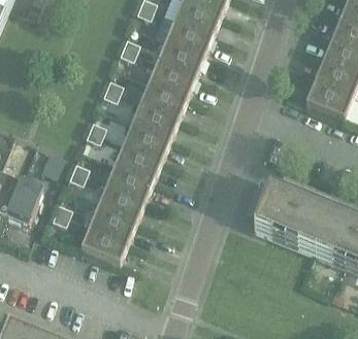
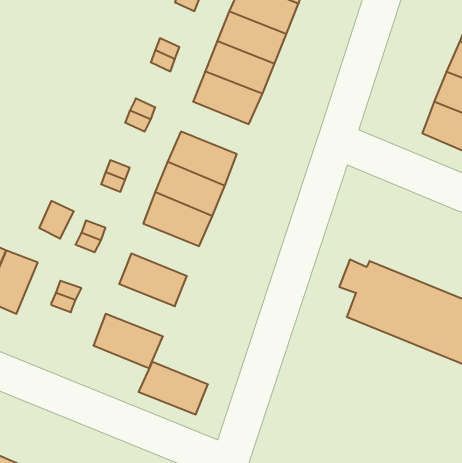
building: [140,78,187,114] -> none
building: [106,162,153,198] -> none
building: [89,203,136,239] -> [139,362,208,415]

